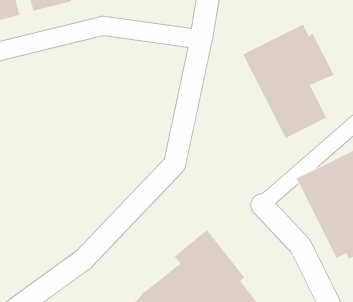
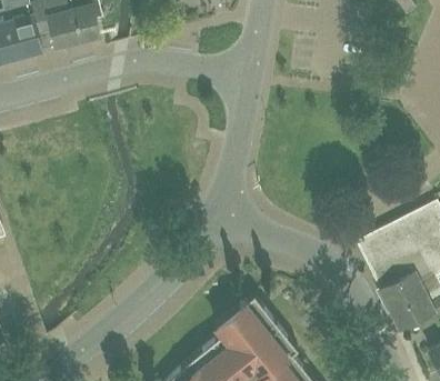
building: [242,24,334,139] -> none

